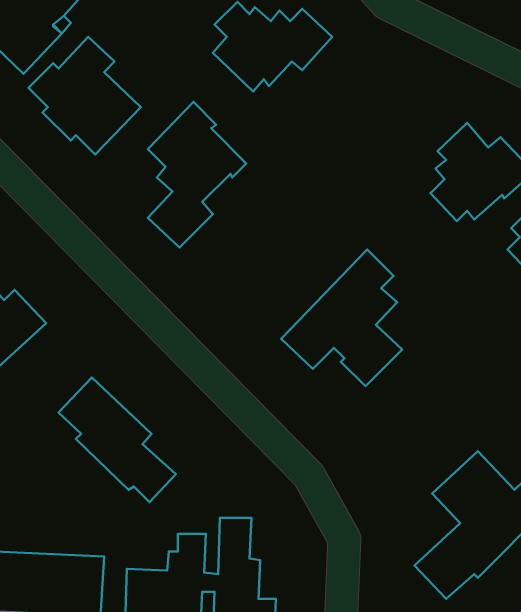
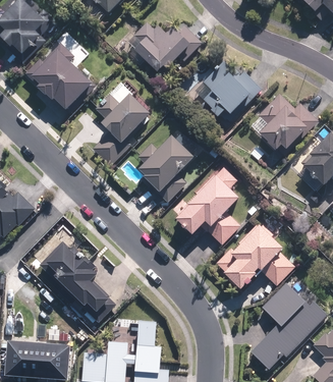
building: none -> [201,61,262,117]
building: none -> [136,135,193,202]
building: none -> [216,222,295,291]

